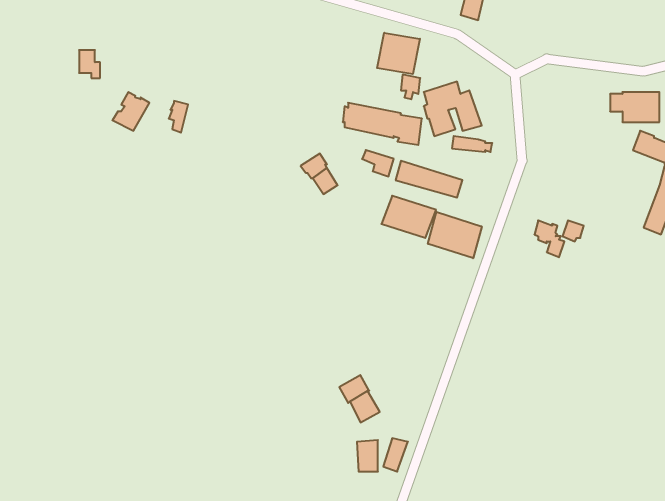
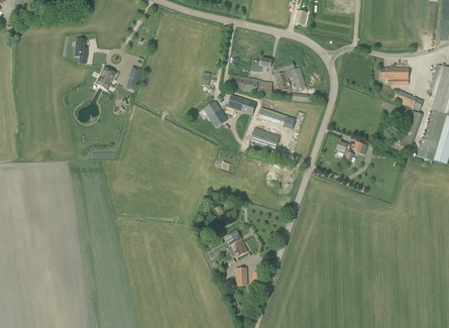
building: [377,33,420,74] -> none
building: [428,212,482,258] -> none

